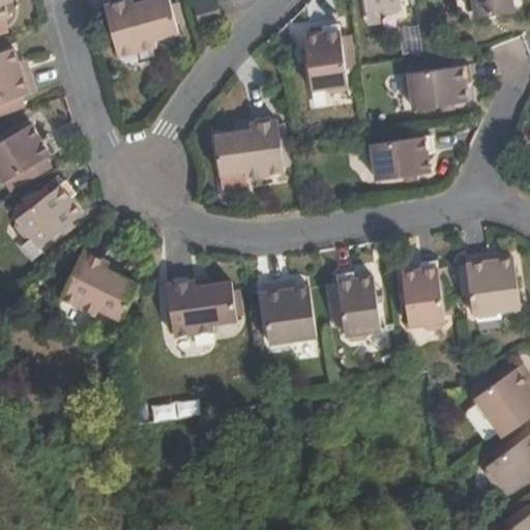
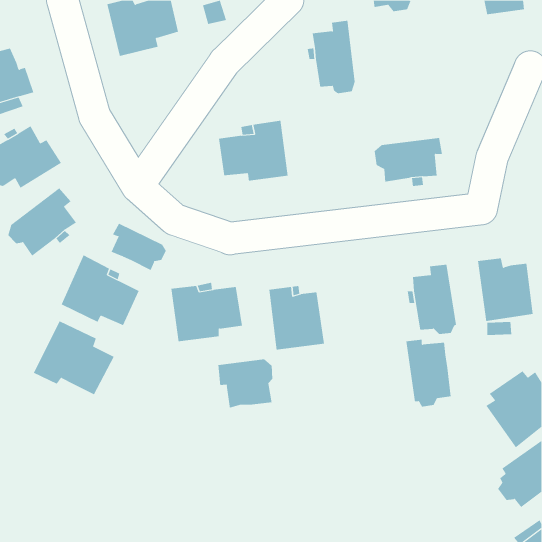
building: [401,65,469,108] -> none
building: none -> [111,223,167,271]
building: [335,272,380,338] -> [406,339,451,407]
building: none -> [33,320,115,395]
building: none -> [218,358,273,408]

